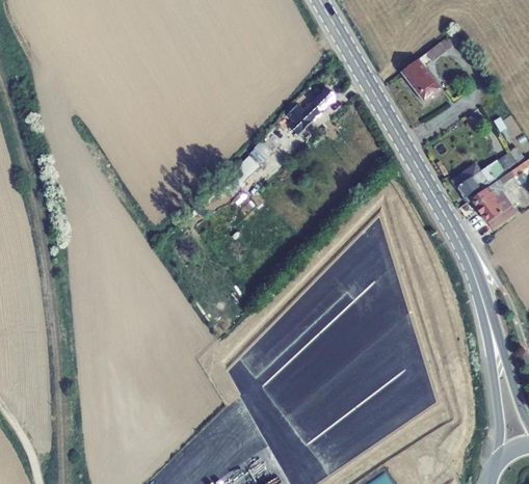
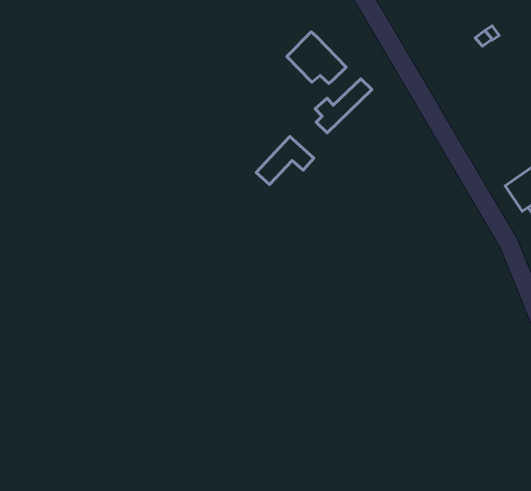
building: none -> [287,32,346,84]
building: [401,57,442,100] -> none

